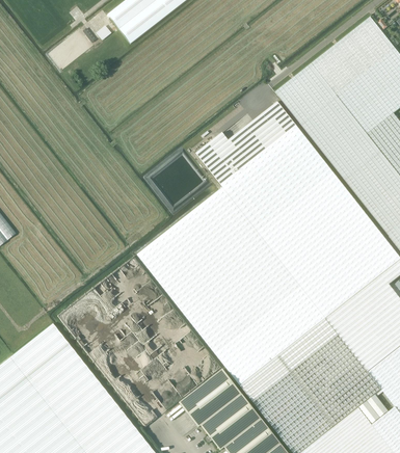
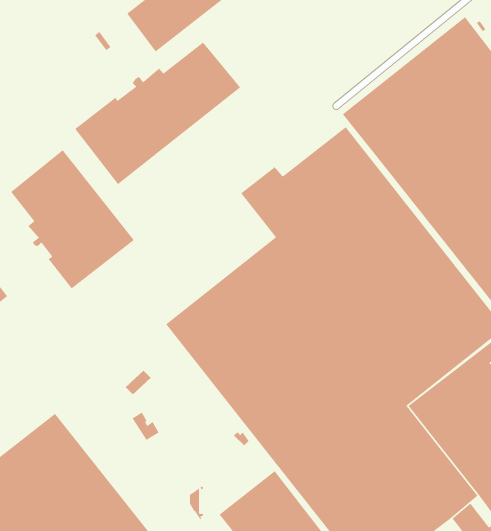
building: none -> [74,41,241,185]
building: none -> [10,149,135,290]

